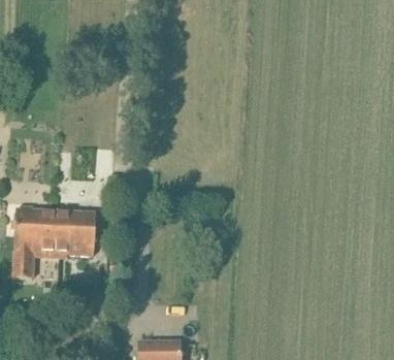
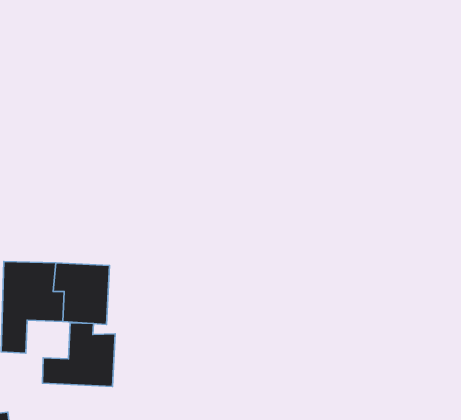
building: none -> [42,323,115,387]

